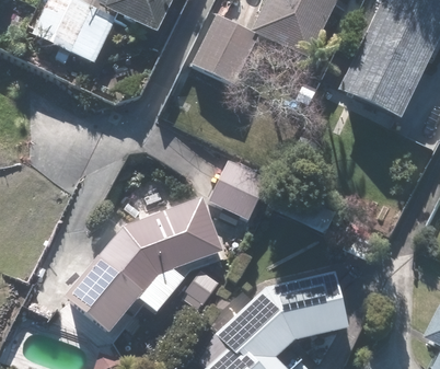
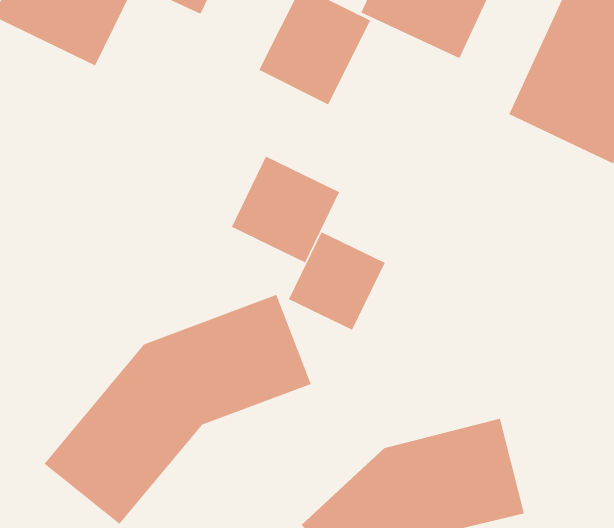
building: none -> [231,156,340,263]

